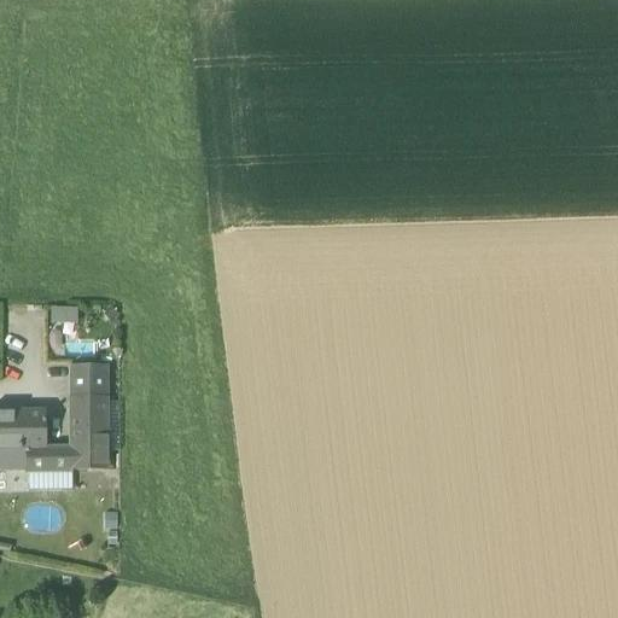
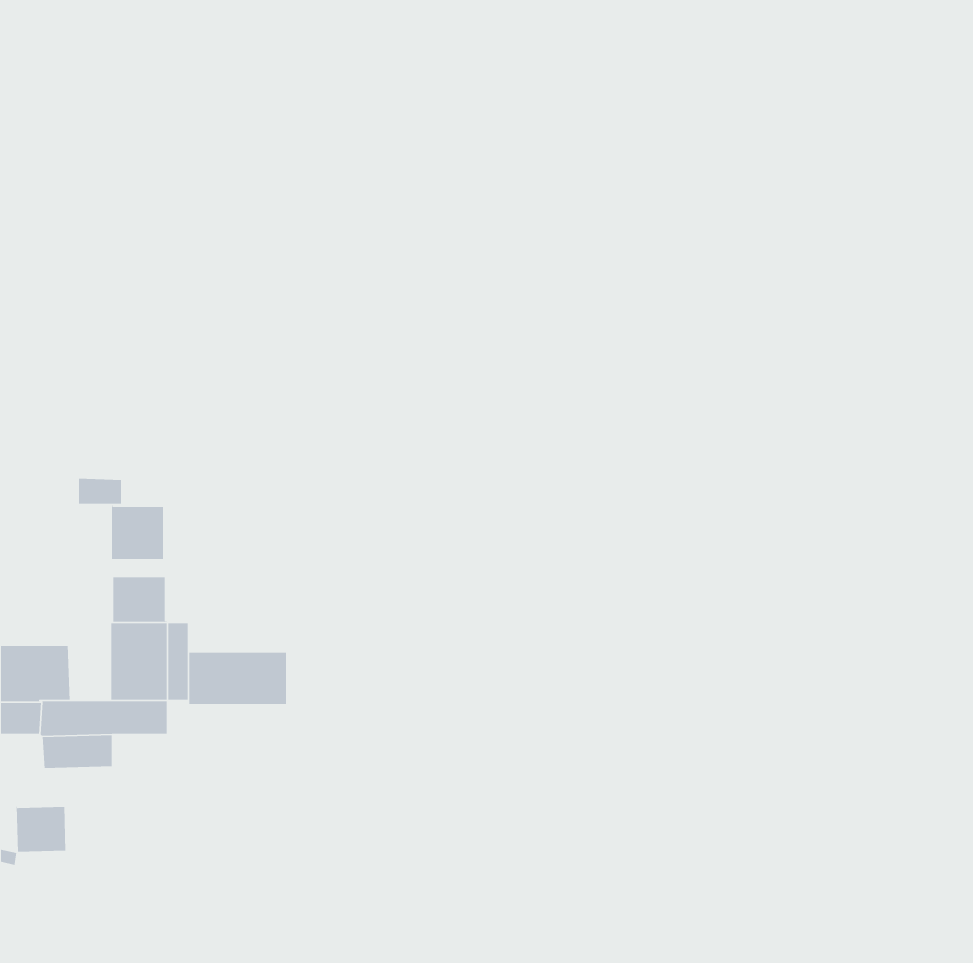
building: none -> [111,504,164,560]
building: none -> [189,652,287,705]
building: none -> [16,806,66,853]

